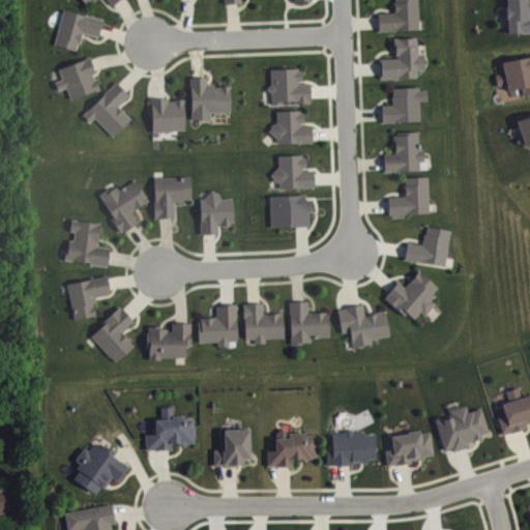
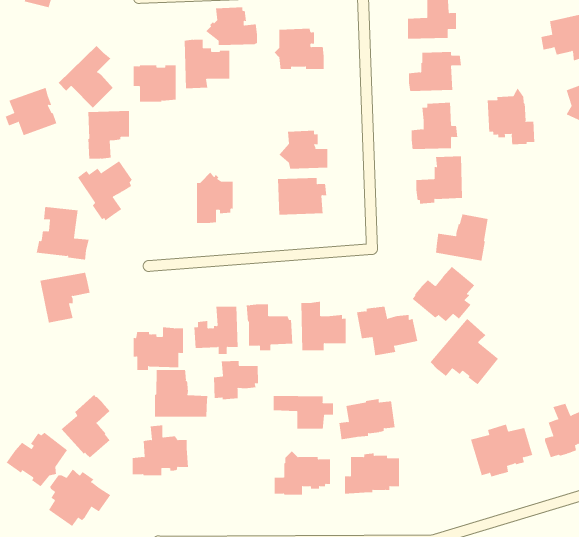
building: [55,58,99,99] -> [5,87,57,136]
building: [268,111,313,144] -> [206,7,258,46]
building: none -> [487,88,535,145]
building: [154,177,190,218] -> [87,111,130,159]
building: [91,306,134,361] -> [61,394,110,458]
building: none -> [430,318,499,385]
building: none -> [214,360,258,400]
building: none -> [154,369,208,417]
building: none -> [273,395,333,429]
building: none -> [6,432,68,487]
building: [214,430,251,467] -> none
building: [385,431,434,466] -> [338,399,395,440]

